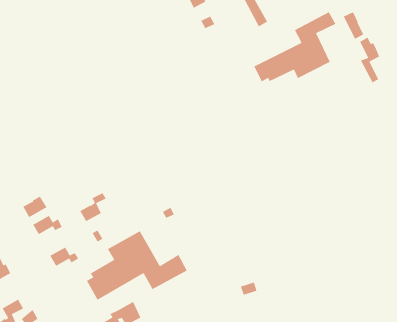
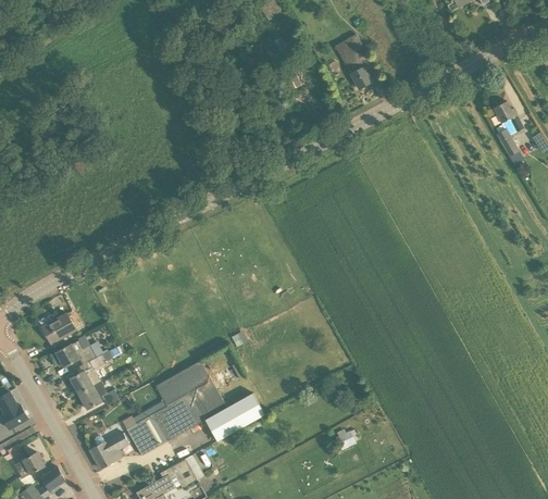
building: [253,11,336,82] -> none
building: [343,11,366,40] -> none
building: [79,192,107,222] -> [68,354,105,395]
building: none -> [89,432,127,469]

